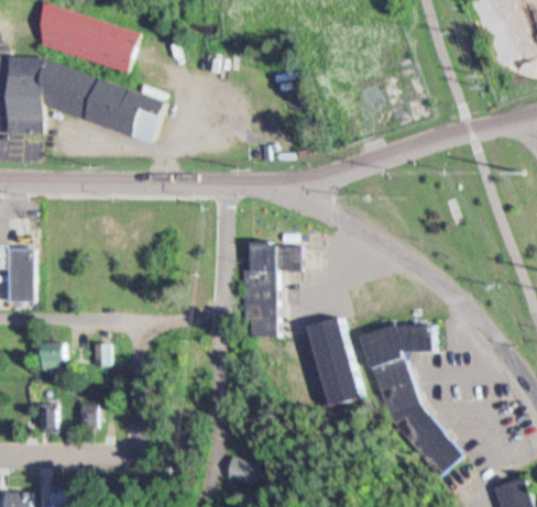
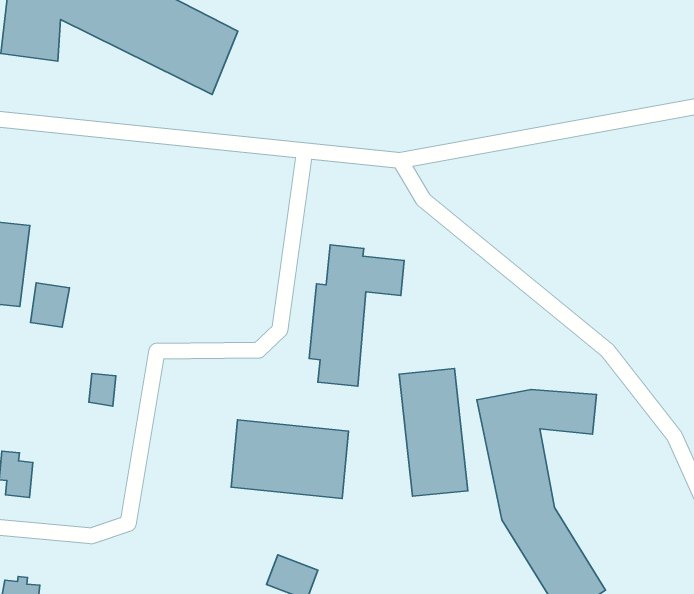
building: [40,343,64,372] -> [31,283,69,327]
building: none -> [231,420,349,498]
building: [80,404,98,430] -> none

